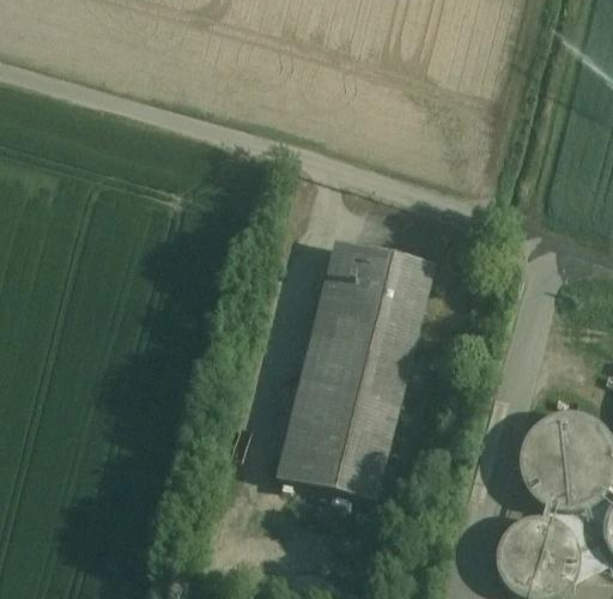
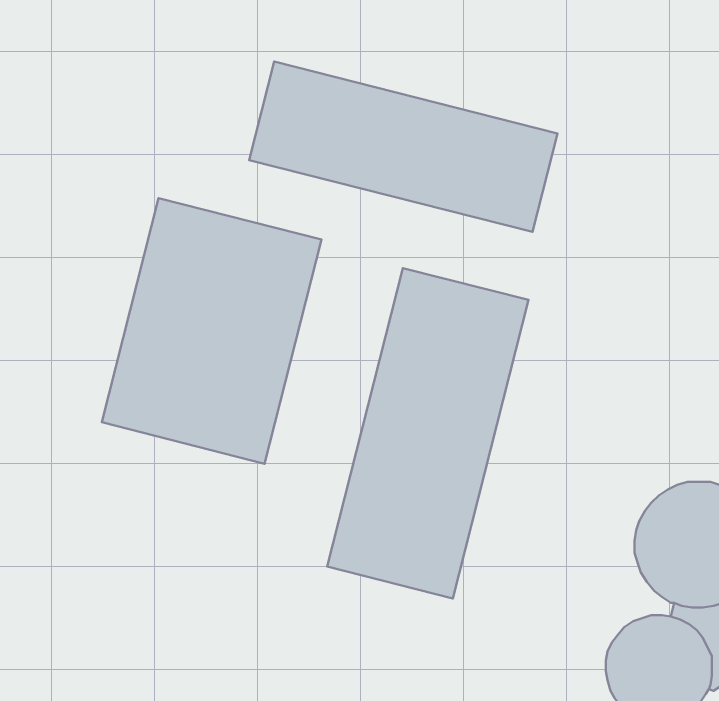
building: none -> [249,62,557,232]
building: none -> [102,198,321,464]

